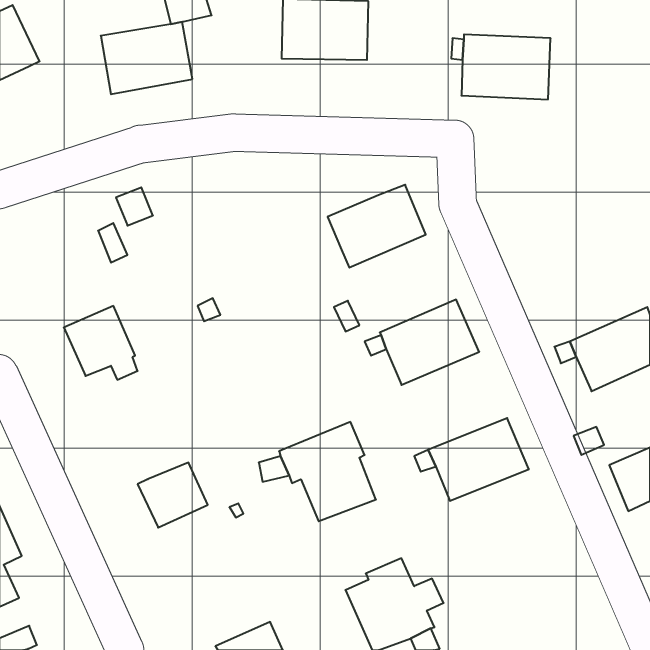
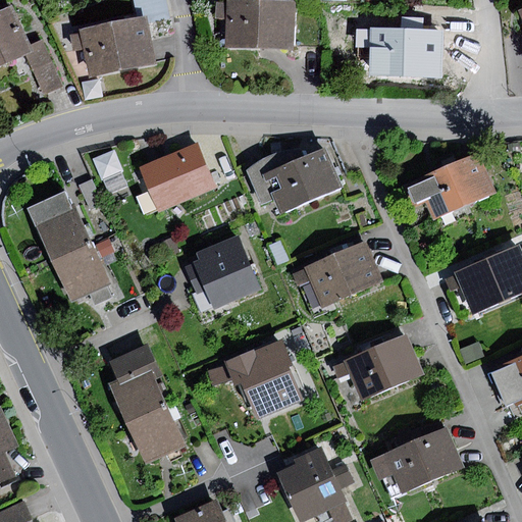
building: none -> [23,44,62,94]
building: none -> [139,144,213,210]
building: none -> [246,147,303,205]
building: none -> [401,151,495,221]
building: none -> [28,192,91,262]
building: none -> [186,234,262,311]
building: none -> [108,344,157,383]
building: none -> [126,404,186,462]
building: none -> [369,427,463,494]

